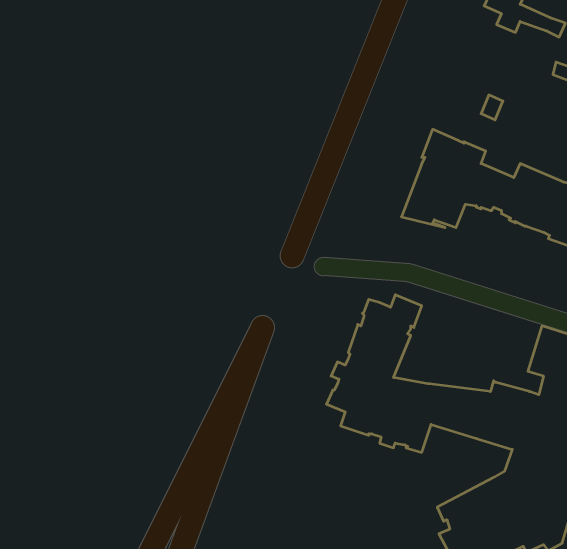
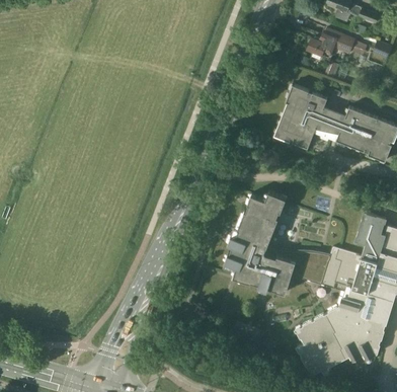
building: none -> [308,28,366,60]

